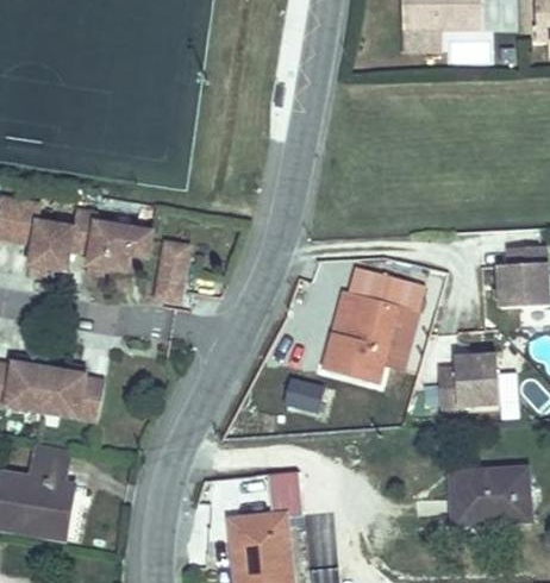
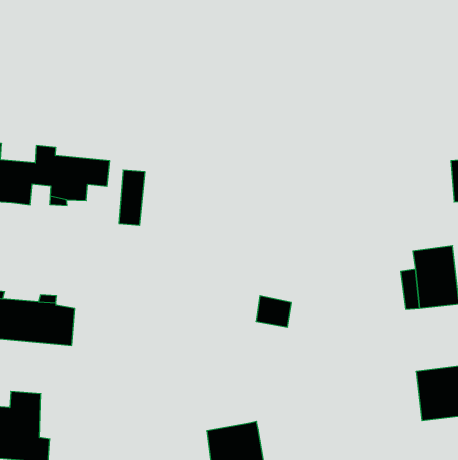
building: [323,267,427,387] -> none
building: [270,474,304,519] -> none

